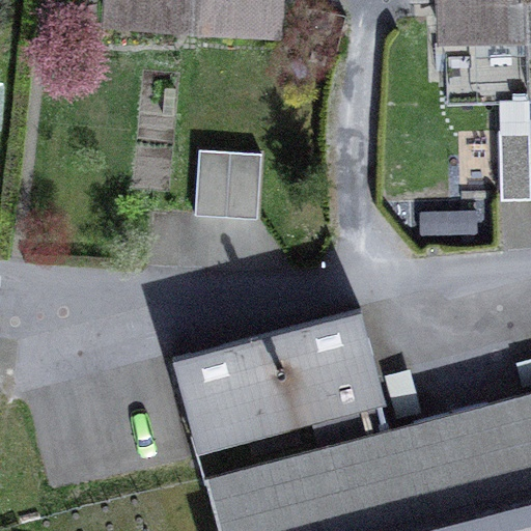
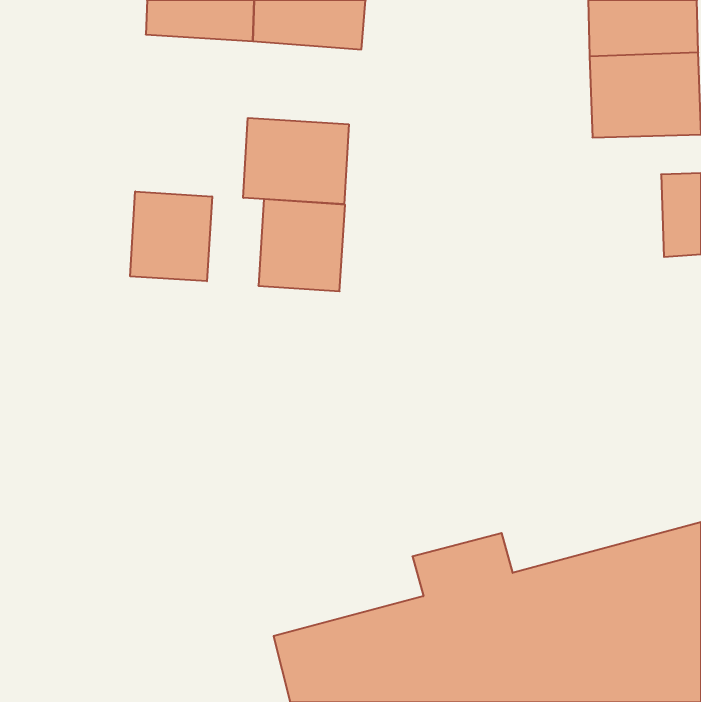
building: none -> [243,118,349,204]
building: none -> [130,191,212,281]
building: [175,311,383,449] -> none

